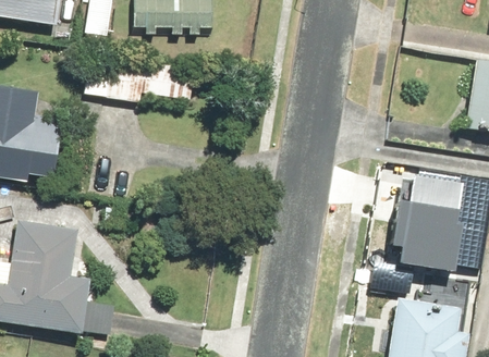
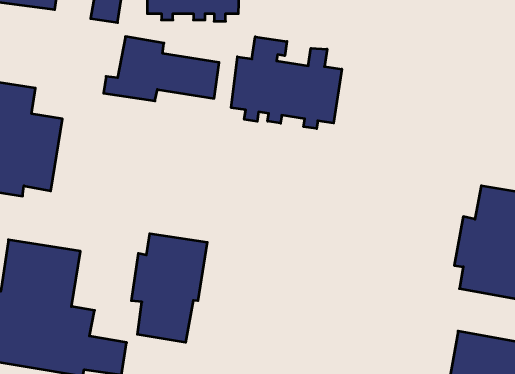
building: none -> [231,37,342,129]
building: none -> [131,234,207,342]

